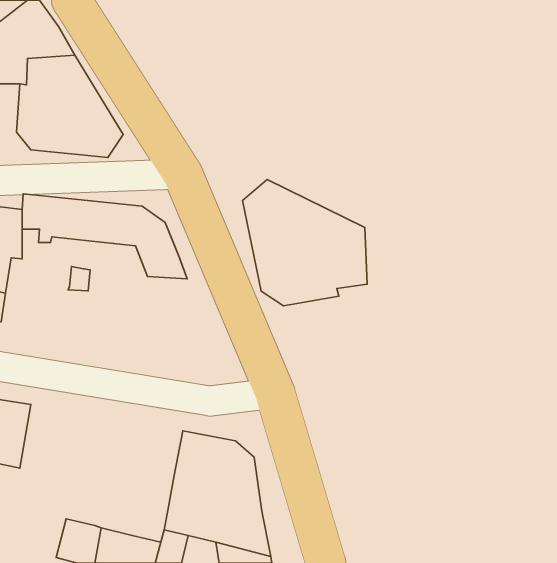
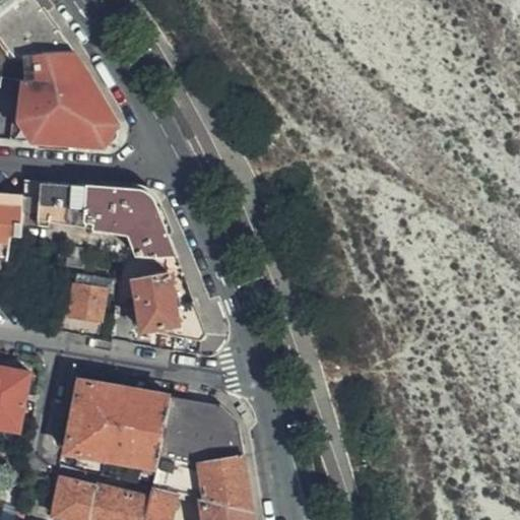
building: [242,180,367,306] -> none
building: none -> [68,274,111,321]
building: none -> [131,275,202,355]
building: none -> [67,382,169,467]

